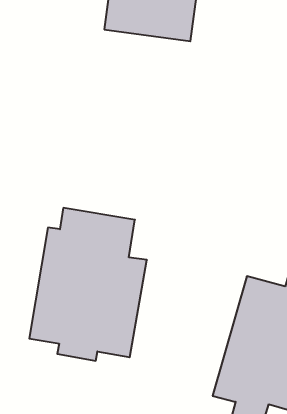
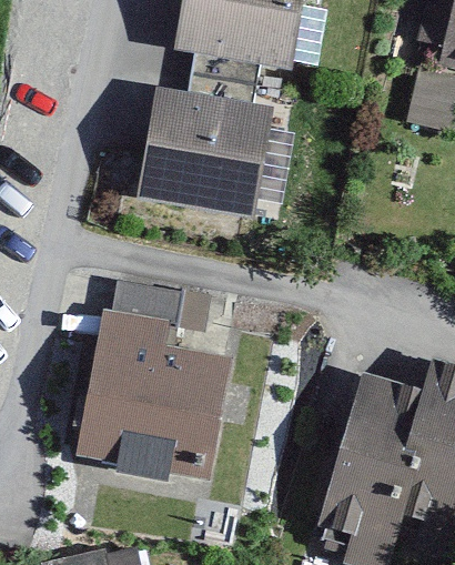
building: none -> [134,87,265,230]

